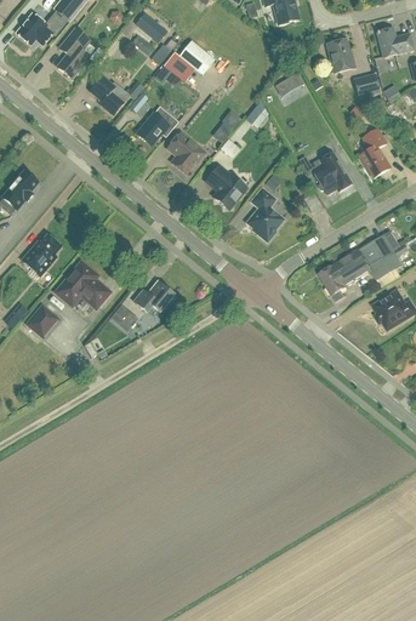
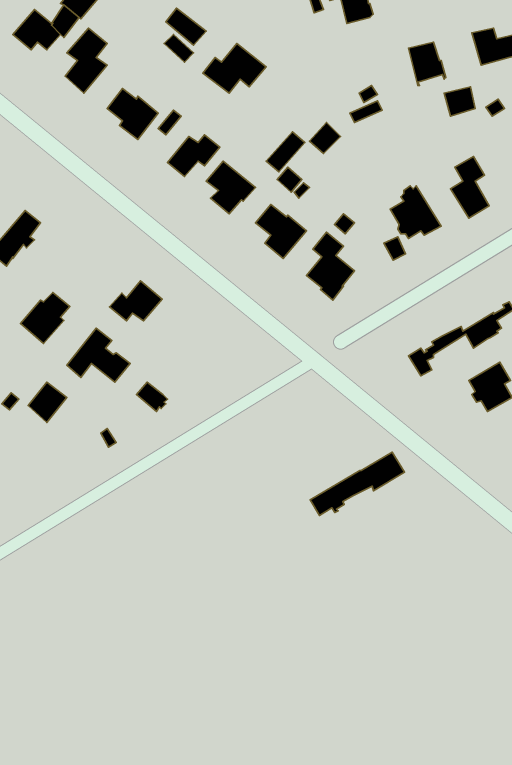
building: [319,235,393,285] -> [310,452,405,515]
building: [133,280,175,312] -> [109,281,162,321]

